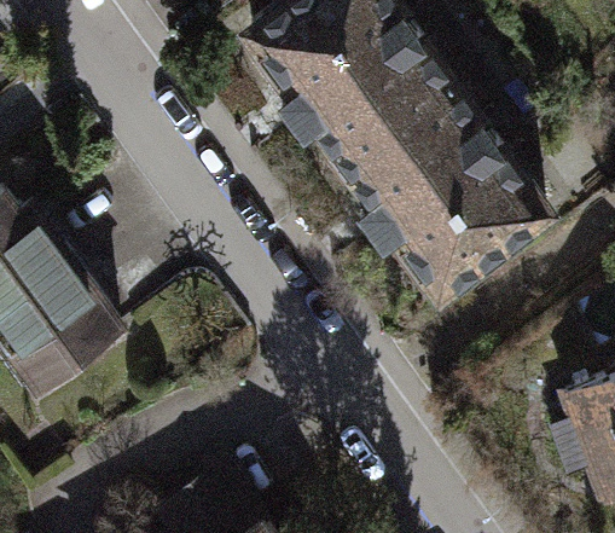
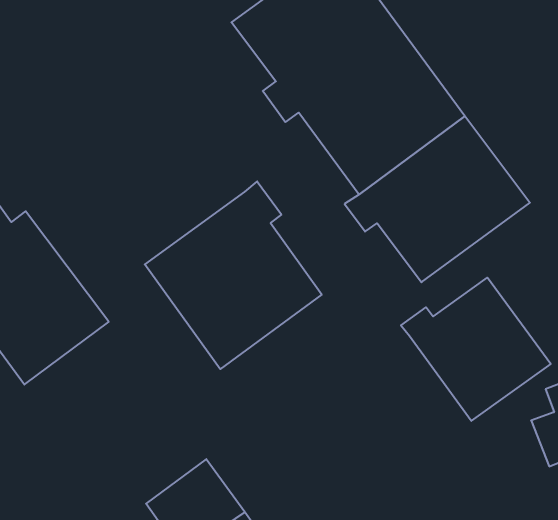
building: none -> [145,181,322,369]
building: none -> [401,278,551,421]

